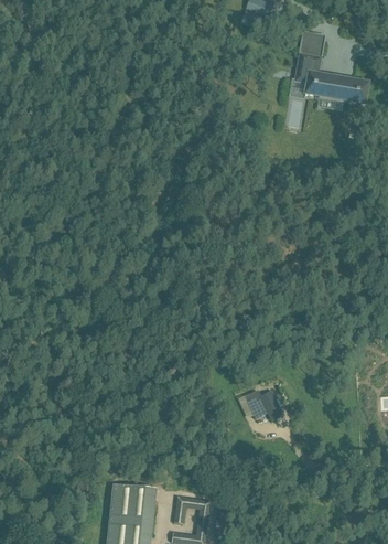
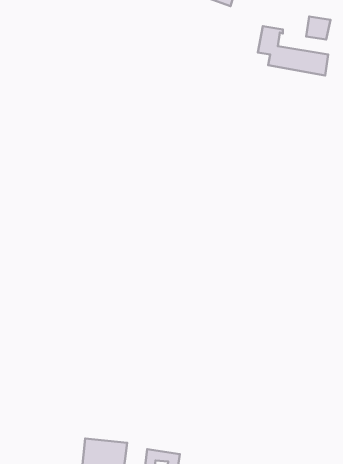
building: [299,31,324,55] -> [306,17,330,40]
building: [245,388,283,420] -> none

